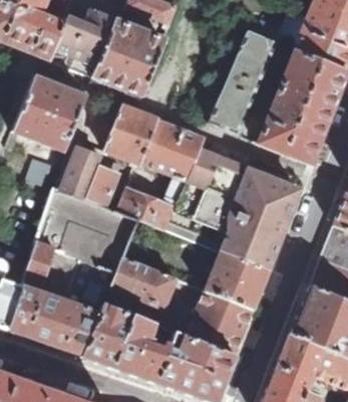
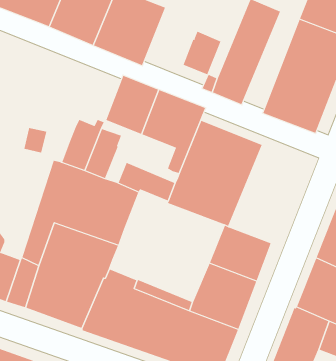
building: none -> [183,31,221,75]
building: [13,74,87,152] -> none
building: [226,174,300,270] -> none
building: [112,256,186,308] -> none

